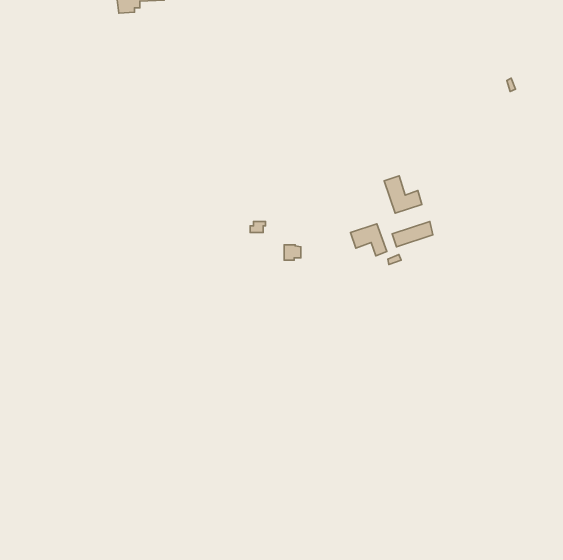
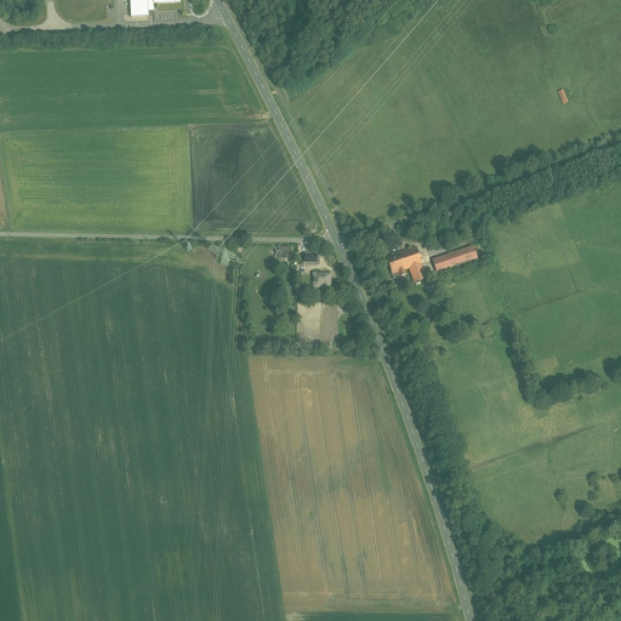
building: [384,176,422,213] -> none

